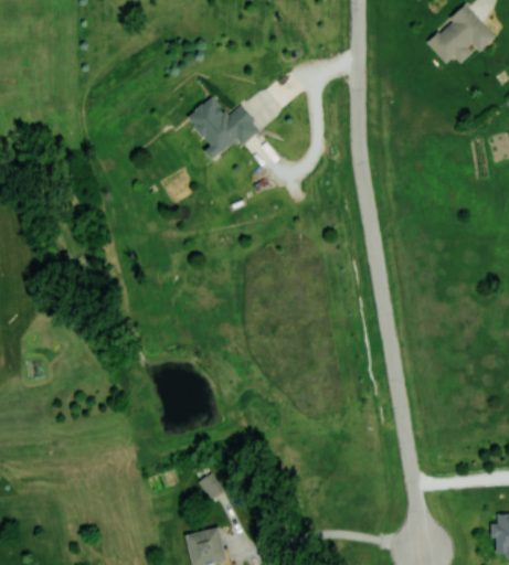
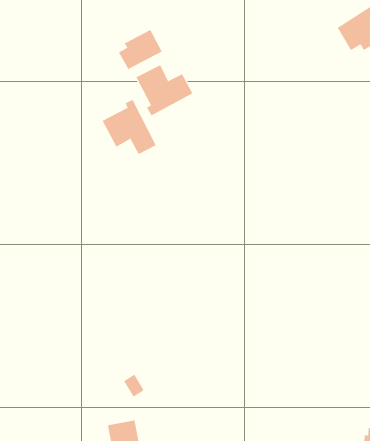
building: none -> [118,29,163,70]
building: none -> [102,99,157,155]

